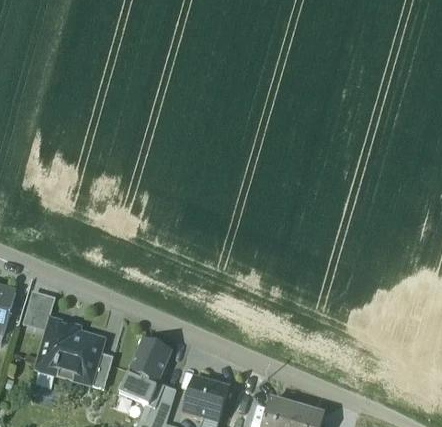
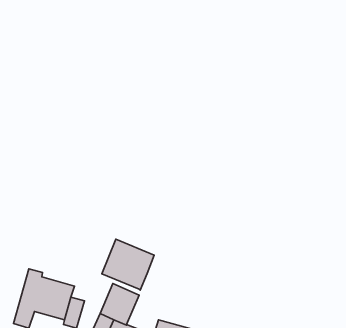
building: none -> [102,239,154,290]
building: [24,291,56,330] -> none

